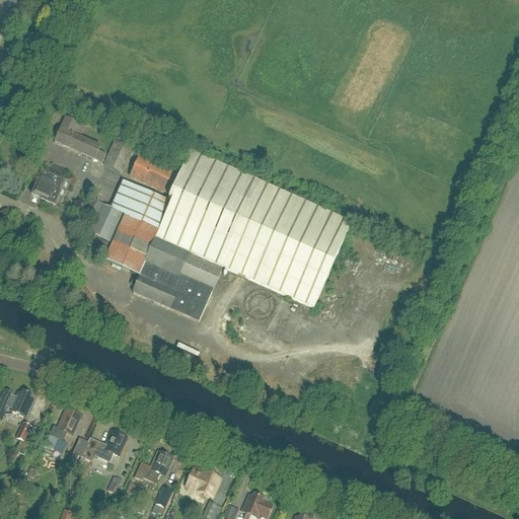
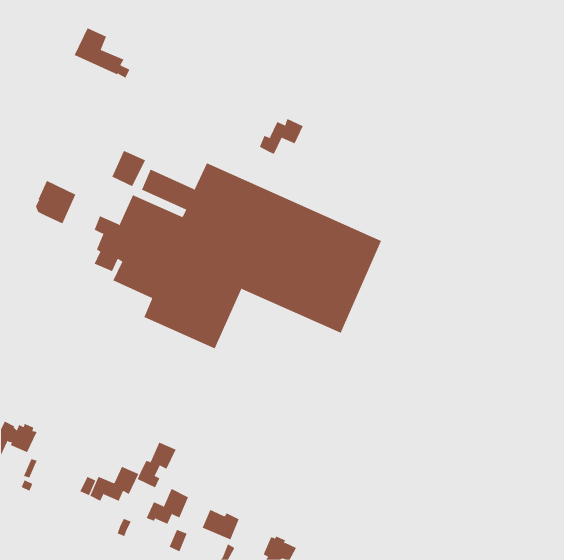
building: none -> [259,118,304,155]
building: [54,115,105,161] -> [74,28,130,78]
building: [45,407,81,450] -> [137,442,177,488]

